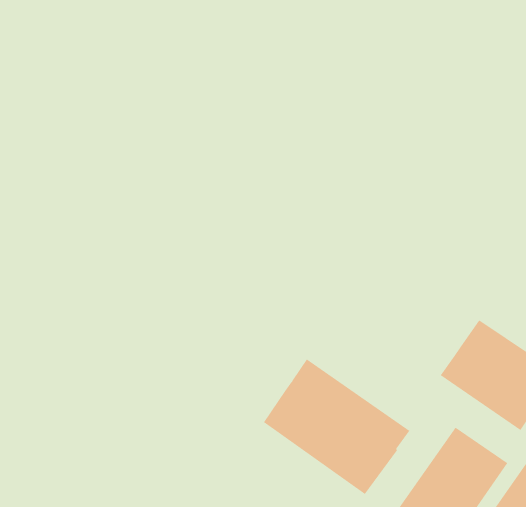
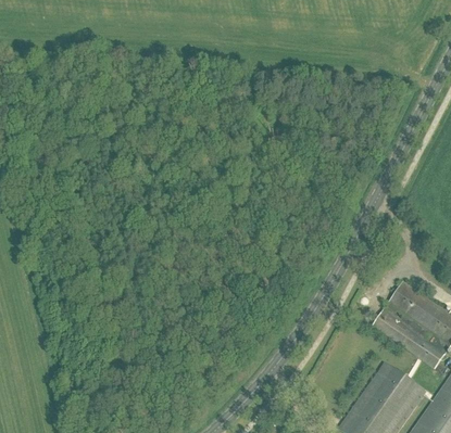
building: [263,359,410,495] -> none

